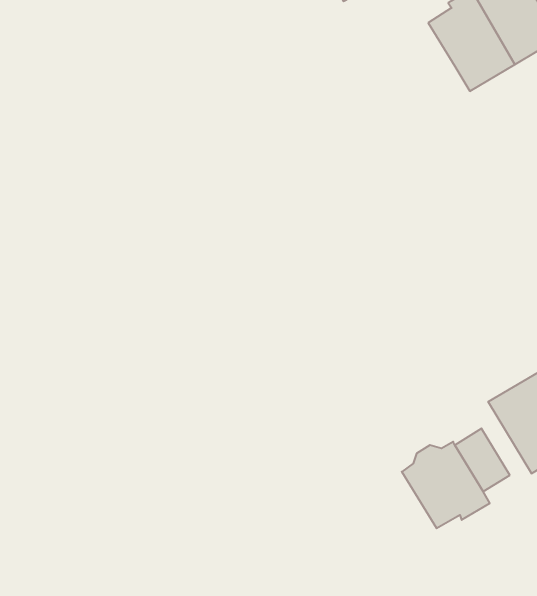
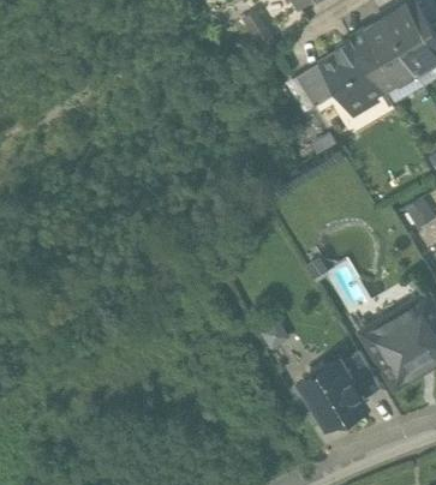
building: none -> [295,62,340,108]

